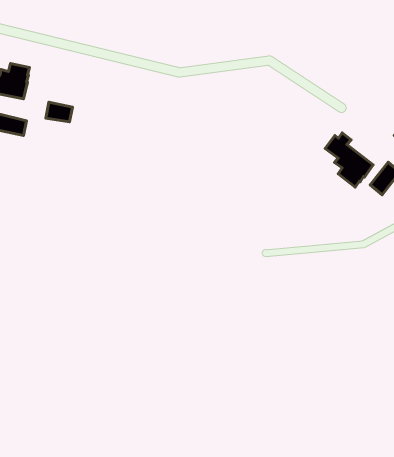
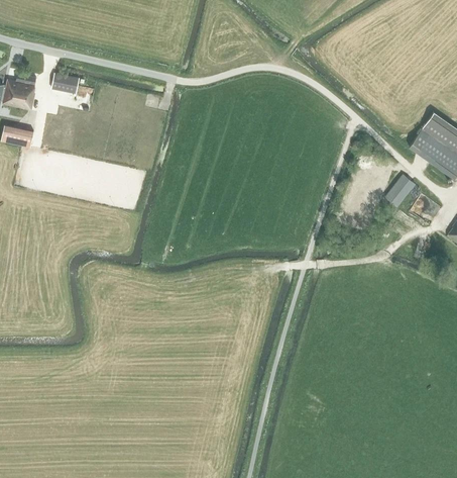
building: [46,102,73,122] -> [52,73,80,93]
building: [325,133,373,187] -> none

